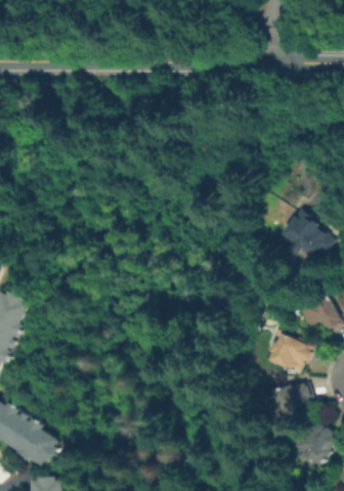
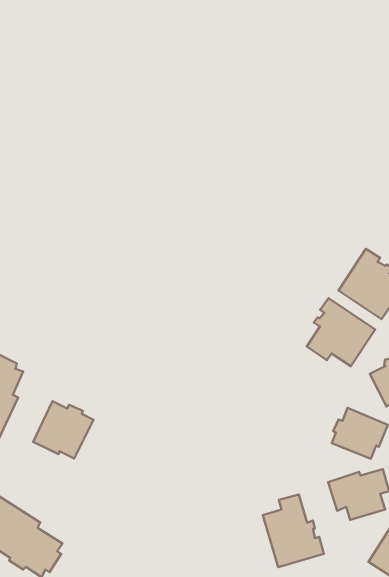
building: none -> [307,298,375,366]
building: none -> [33,401,93,458]
building: none -> [263,494,324,567]

